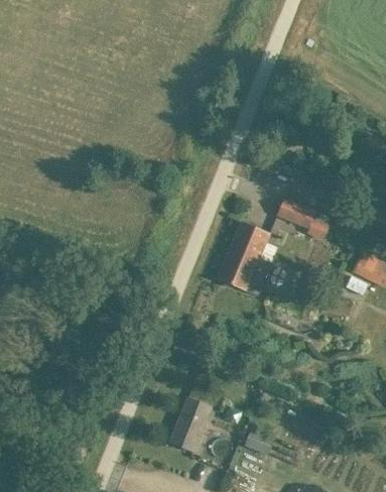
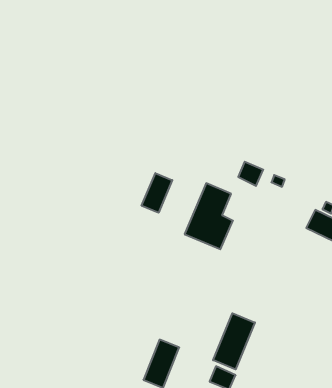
building: none -> [142,173,172,213]
building: none -> [213,313,255,369]

